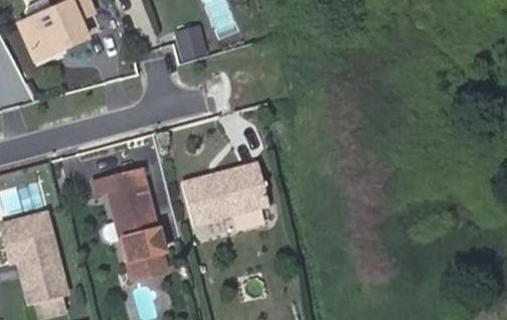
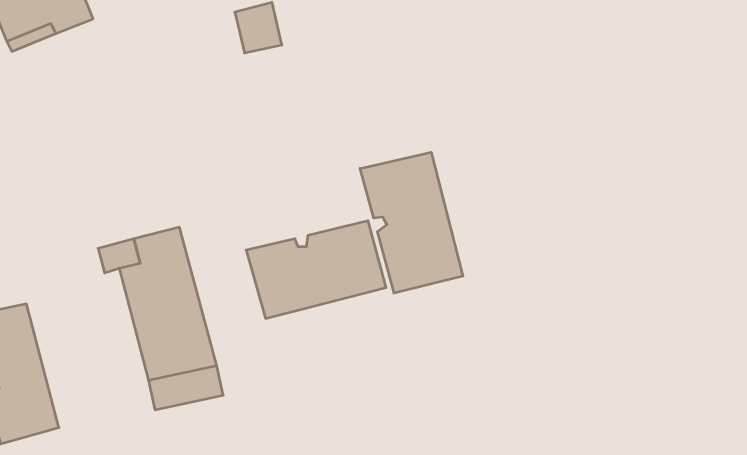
building: none -> [360,152,463,293]

